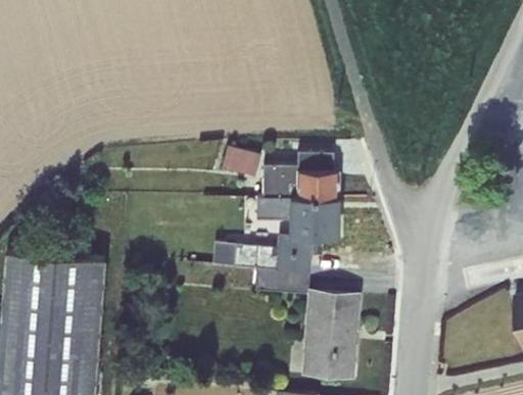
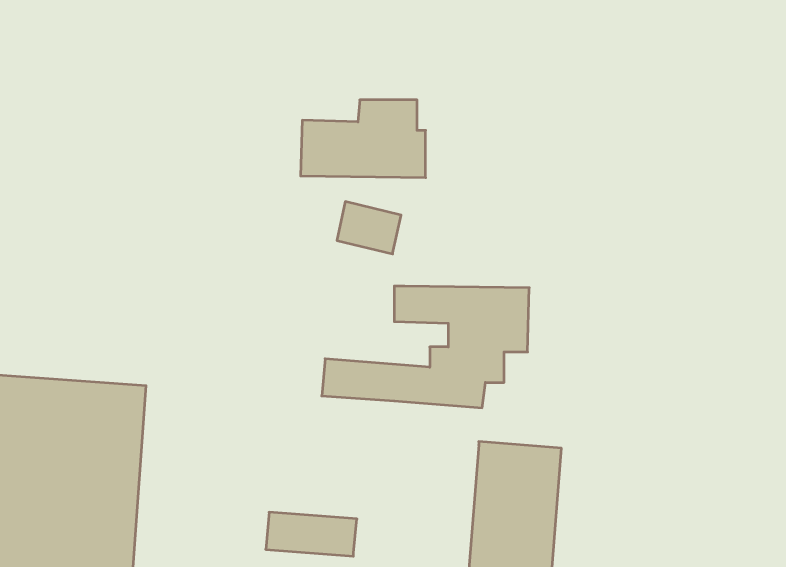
building: [263,153,338,200] -> [301,100,426,178]
building: [254,268,310,295] -> [266,512,357,556]

